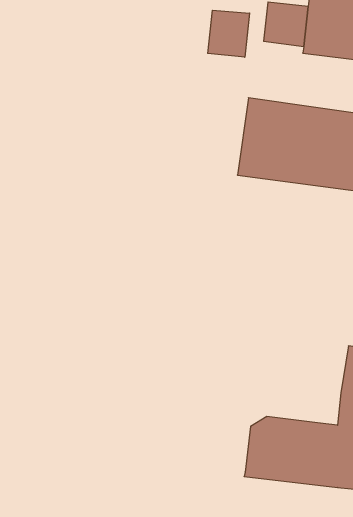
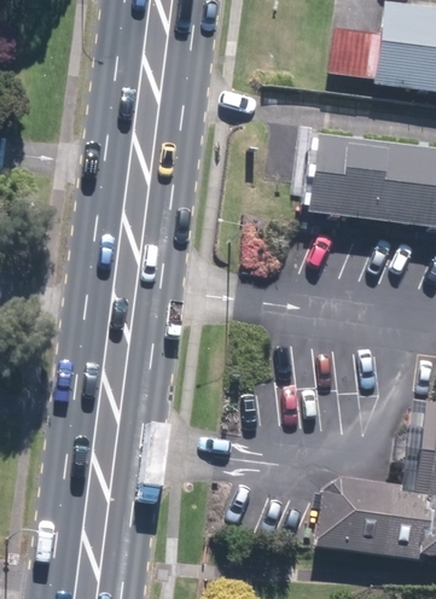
building: [208,10,250,57] -> none

